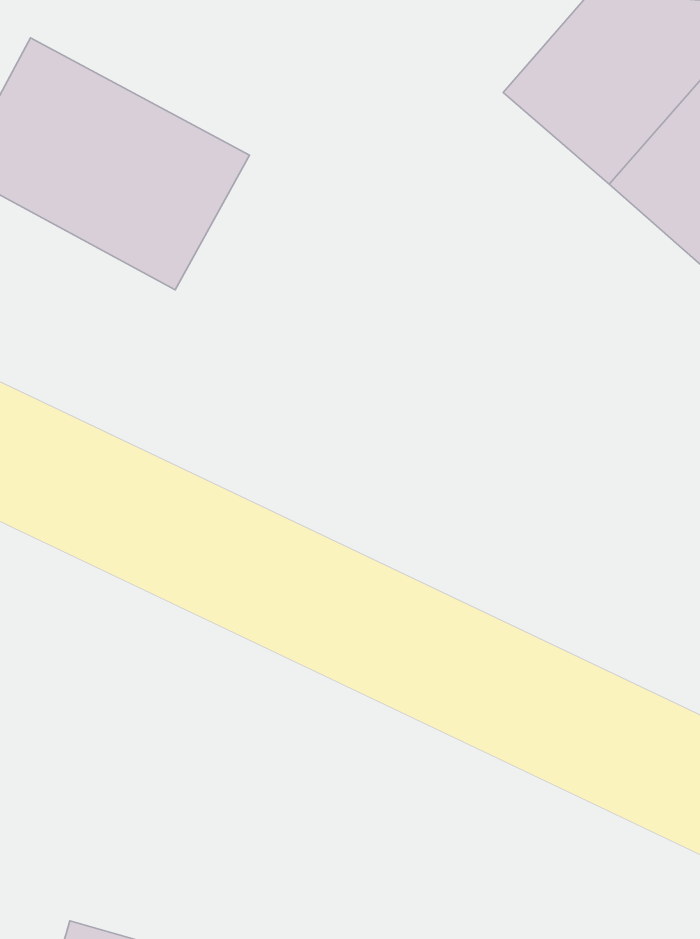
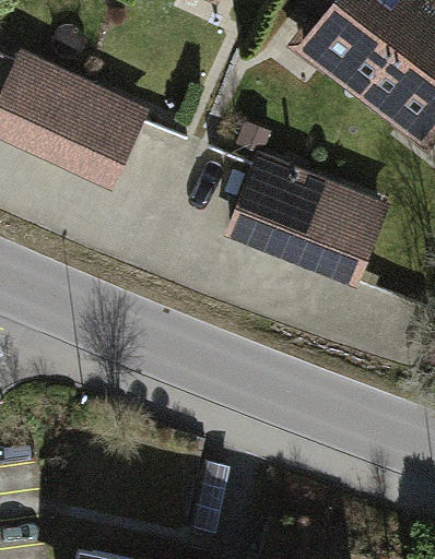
building: none -> [225,147,396,285]

